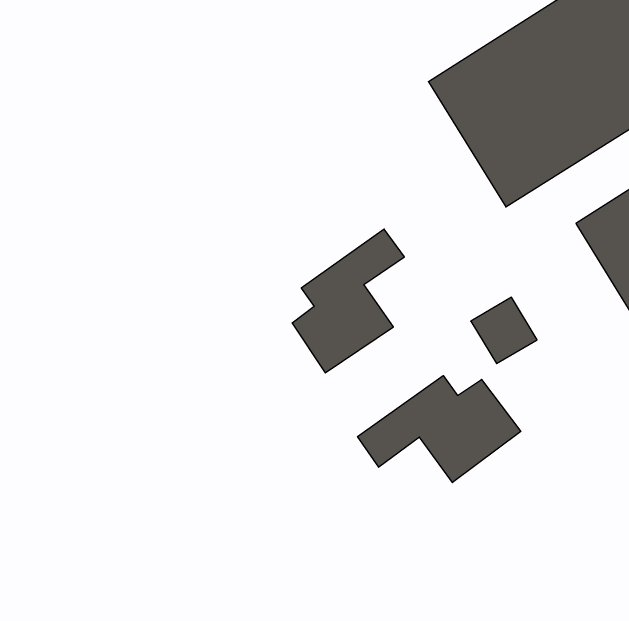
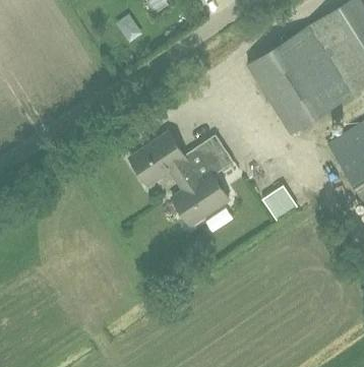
building: none -> [129,133,223,185]
building: [358,376,521,483] -> none

